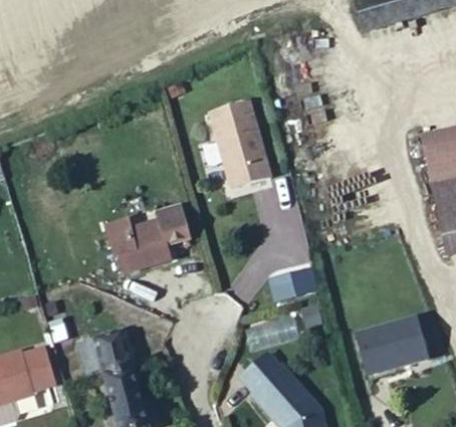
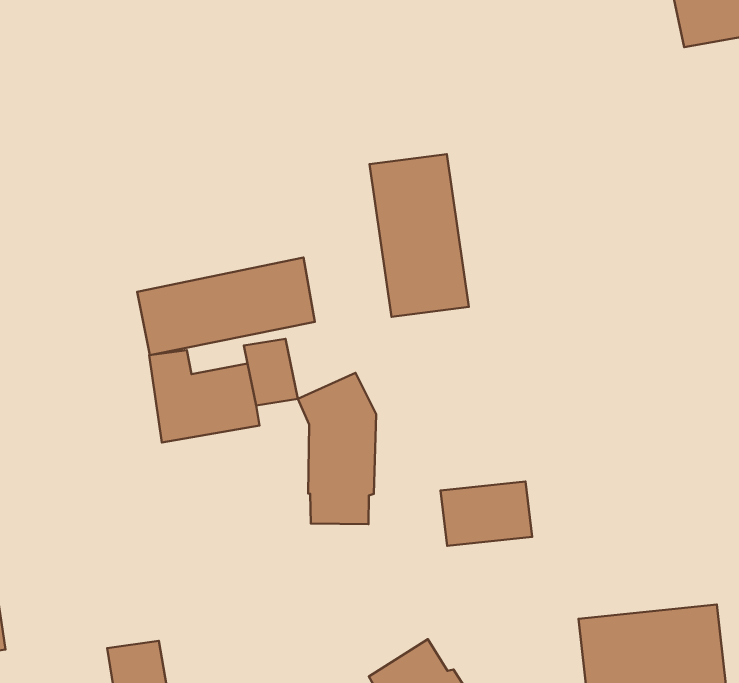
building: none -> [137,258,315,355]
building: none -> [298,373,376,524]
building: [80,333,132,378] -> none

